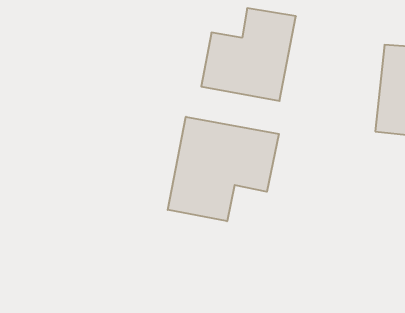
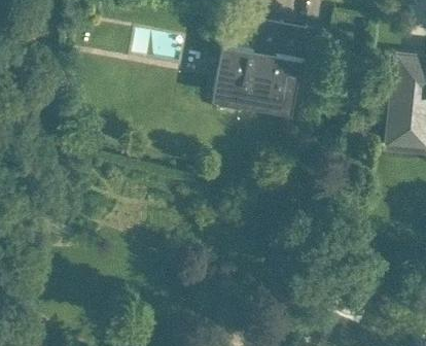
building: [168,117,279,221] -> none

